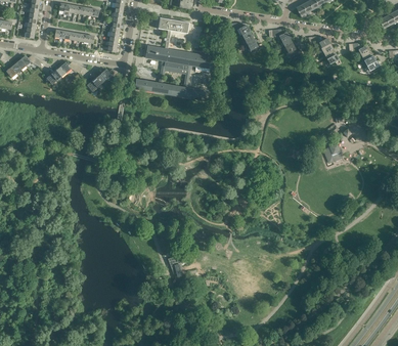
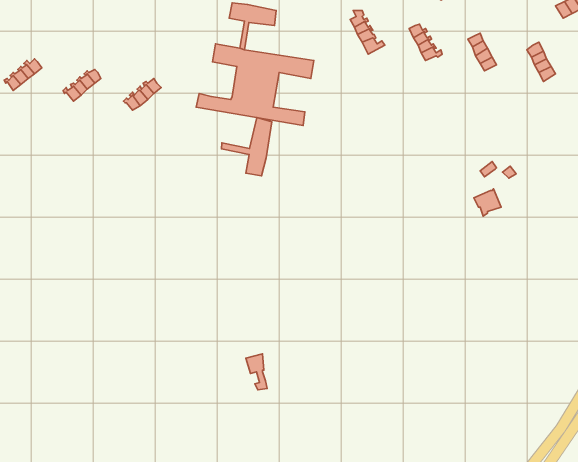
building: none -> [221,118,272,176]

